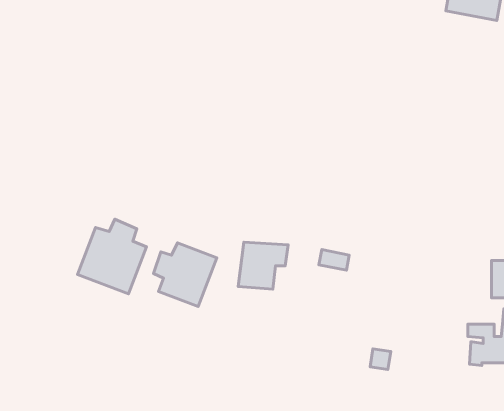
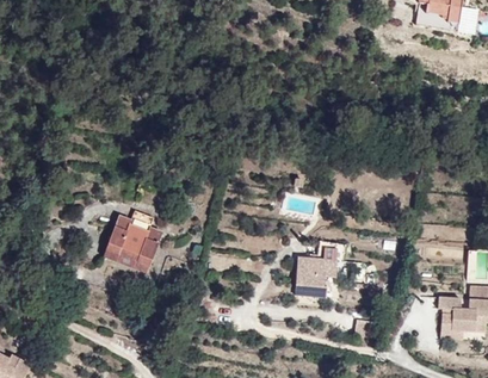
building: [238,242,288,289] -> [296,259,339,299]
building: [153,243,217,306] -> none

